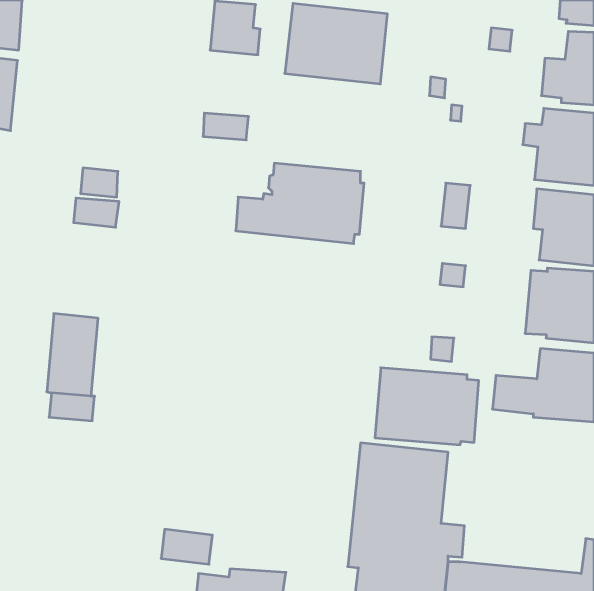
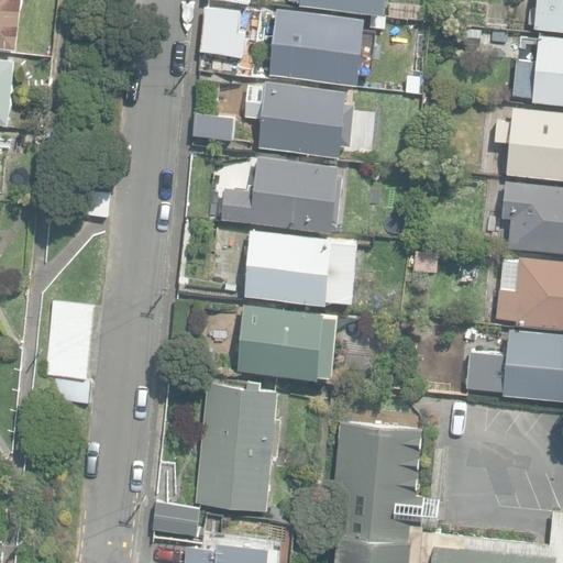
building: none -> [252,79,355,154]
building: none -> [246,232,358,305]
building: [375,368,479,445] -> [240,307,338,379]
building: none -> [195,382,283,512]

